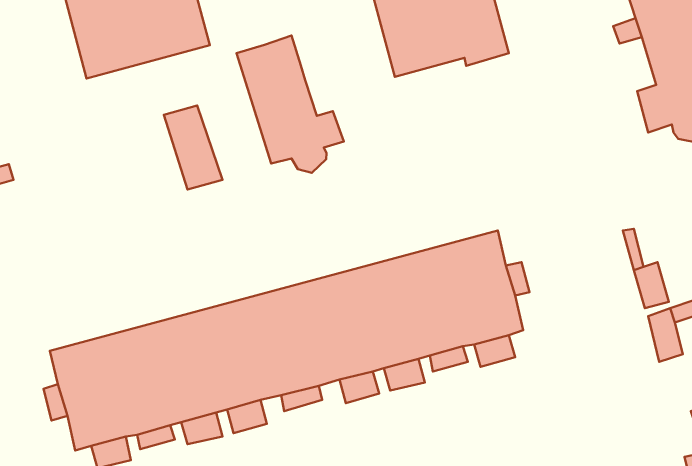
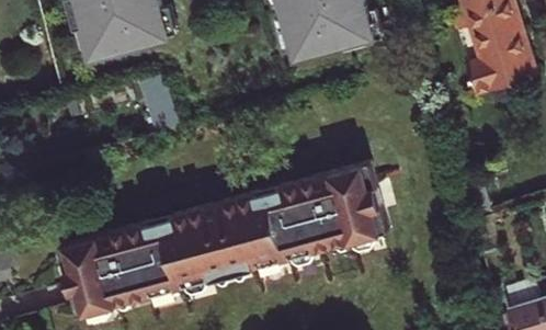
building: [236,35,344,173] -> none

